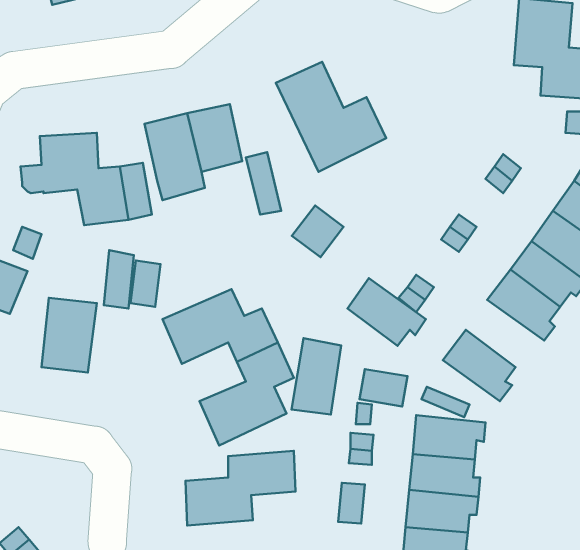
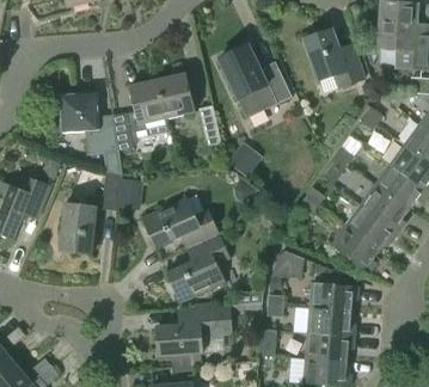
building: none -> [304,29,363,86]
building: [348,278,426,346] -> [345,204,398,250]
building: [292,338,341,414] -> none

